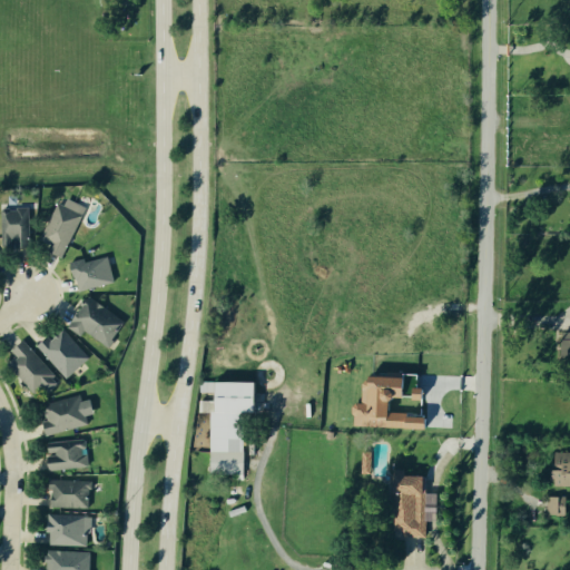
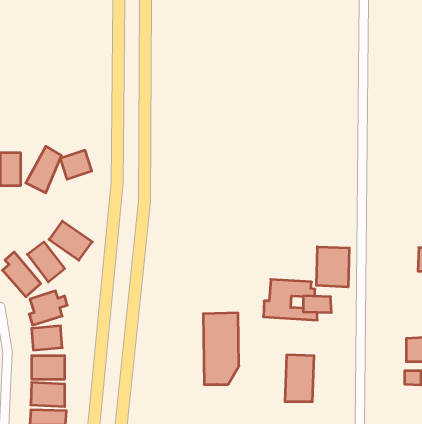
building: [71,255,114,294] -> [60,150,92,179]
building: none -> [316,247,349,287]
building: [205,382,253,478] -> [203,313,239,384]

